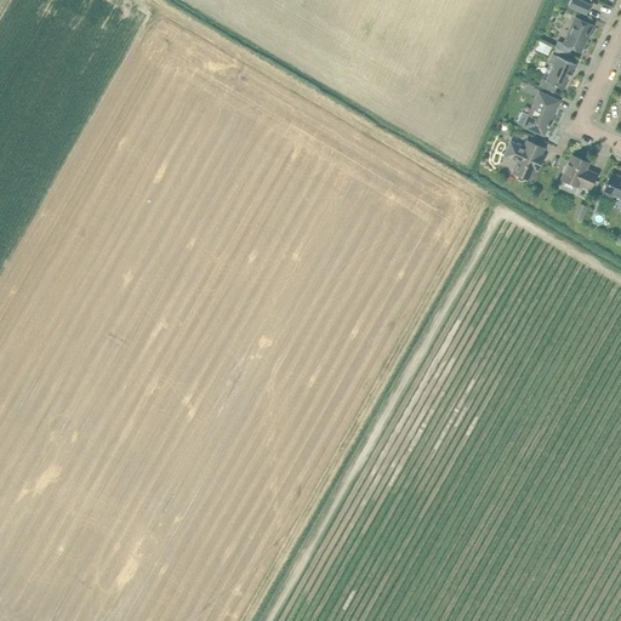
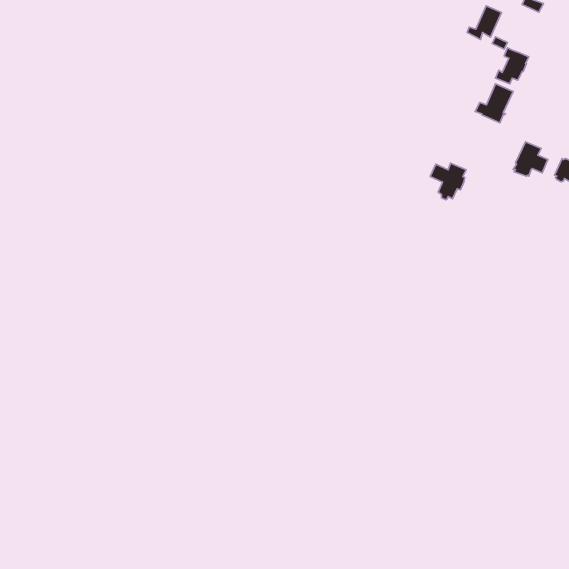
building: [556,17,593,53] -> [467,6,502,39]
building: [506,139,545,180] -> [430,163,466,200]

